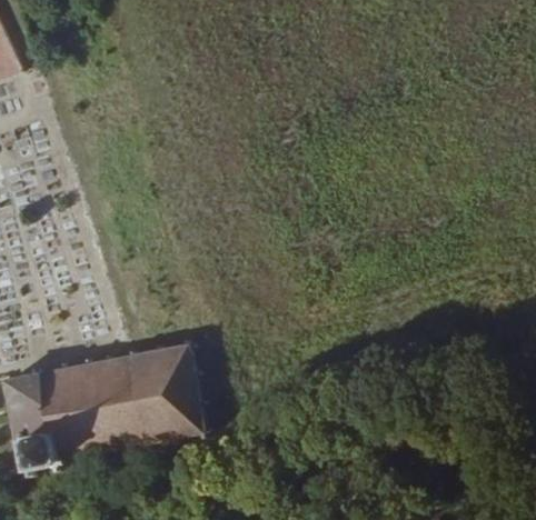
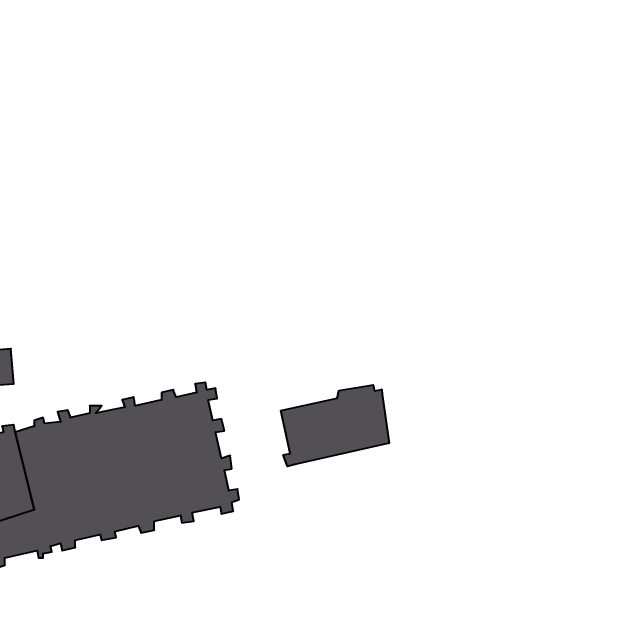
building: none -> [281,385,389,466]

